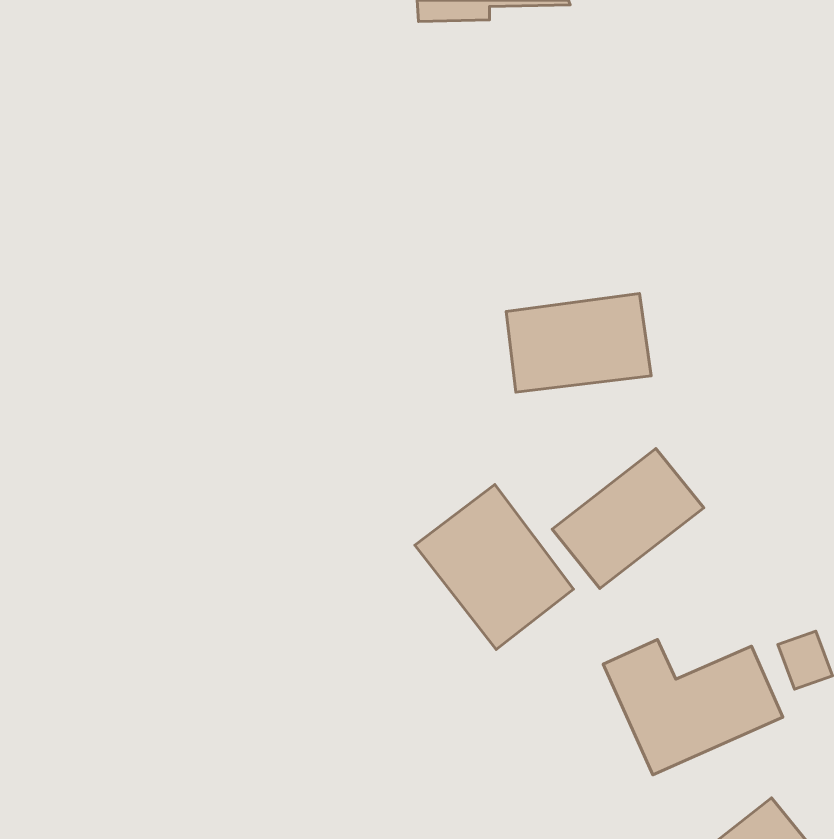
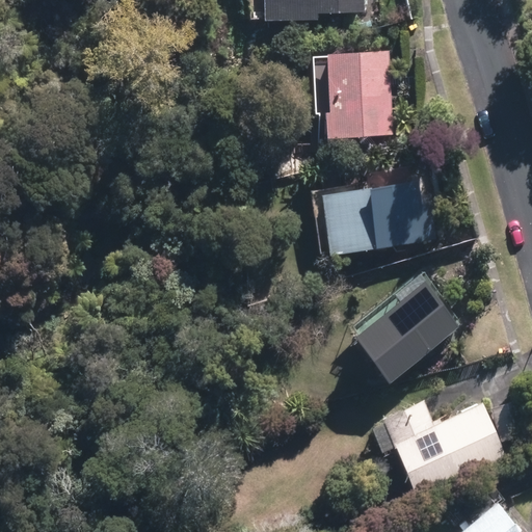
building: none -> [328,56,392,133]
building: [415,484,574,649] -> none

